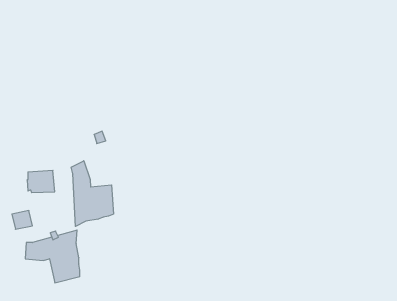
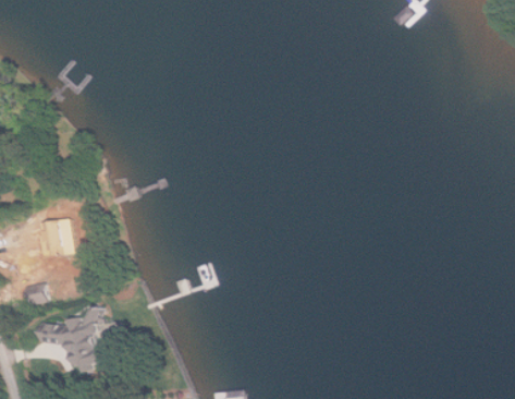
building: [71,161,113,226] -> none

